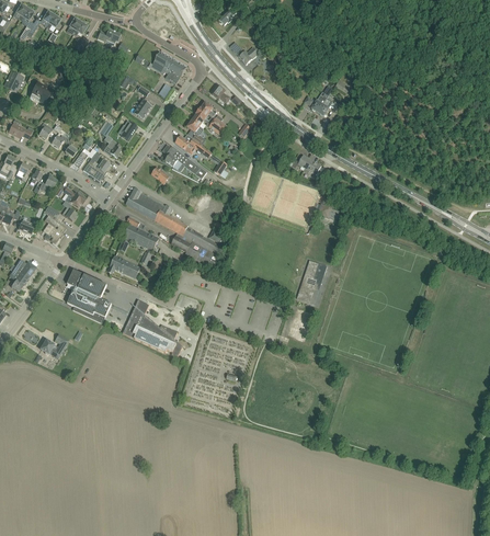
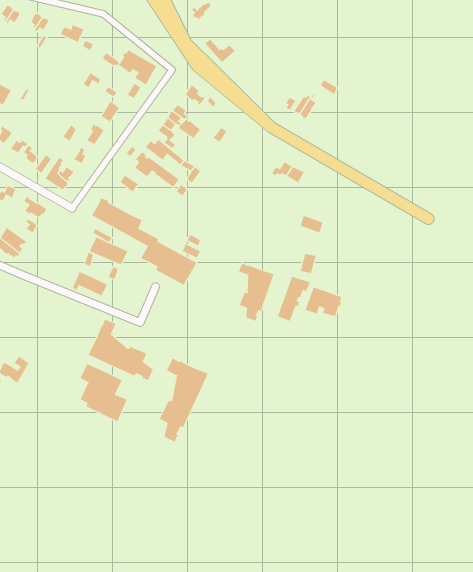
building: none -> [238,263,274,322]
building: none -> [305,287,342,317]
building: [67,270,111,323] -> [80,364,127,422]
building: none -> [159,357,208,443]

